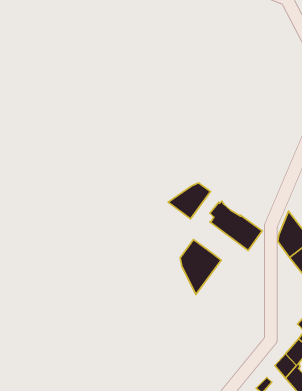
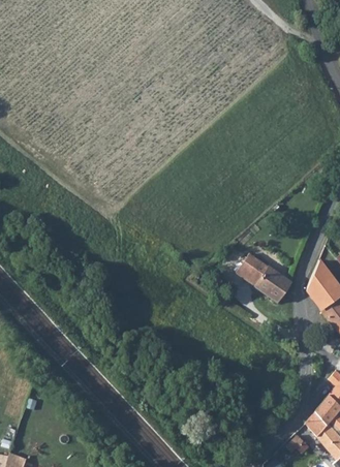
building: [168,183,211,219] -> none
building: [180,240,221,295] -> none

